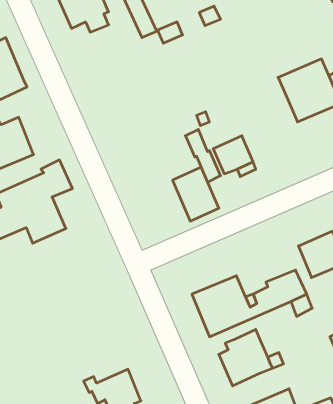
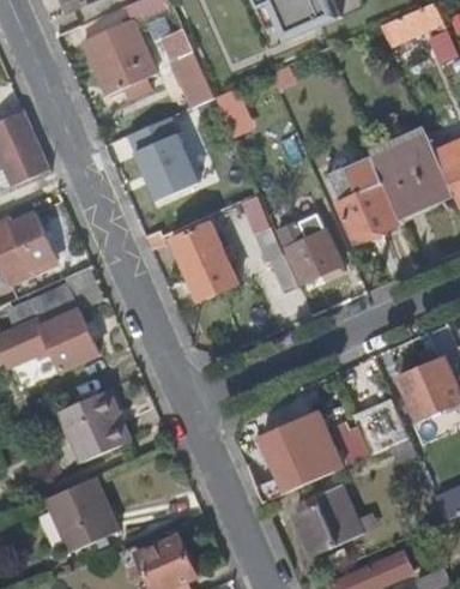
building: none -> [127,118,196,202]
building: none -> [332,157,394,241]
building: [173,167,219,221] -> [174,221,234,290]
building: none -> [54,387,127,461]
building: none -> [44,476,116,549]

